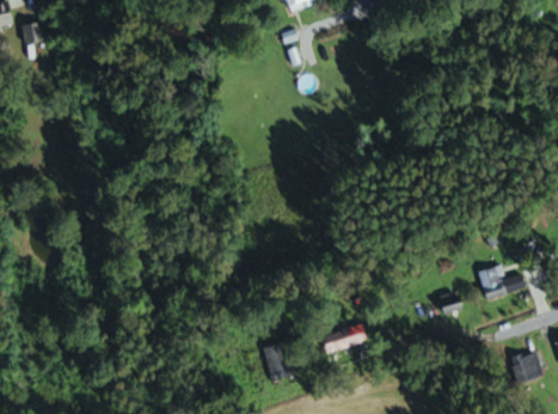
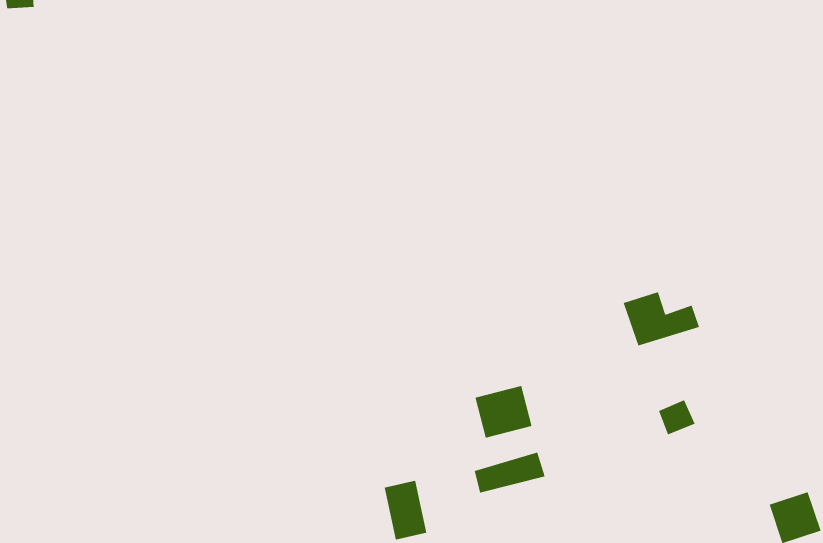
building: [477,266,526,300] -> [623,292,700,346]
building: none -> [475,385,532,438]

